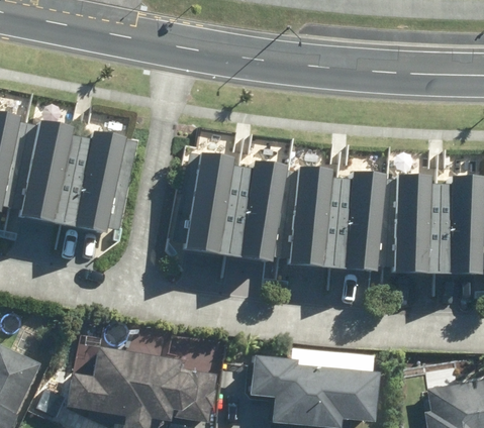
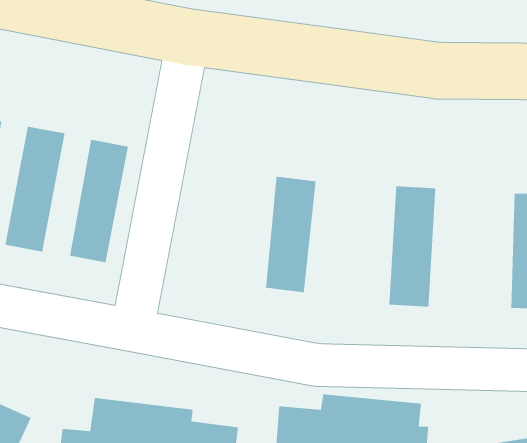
building: [186,154,246,256] -> none
building: [288,169,345,271] -> none
building: [391,175,444,278] -> none

